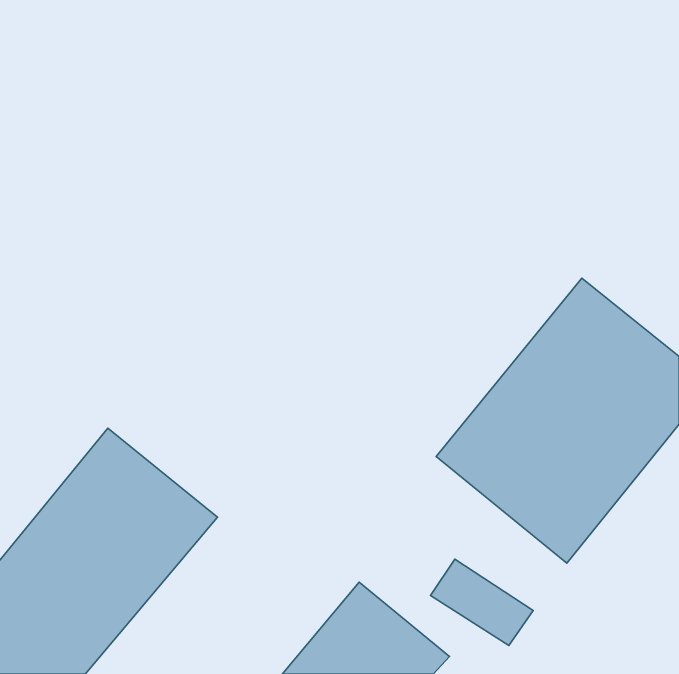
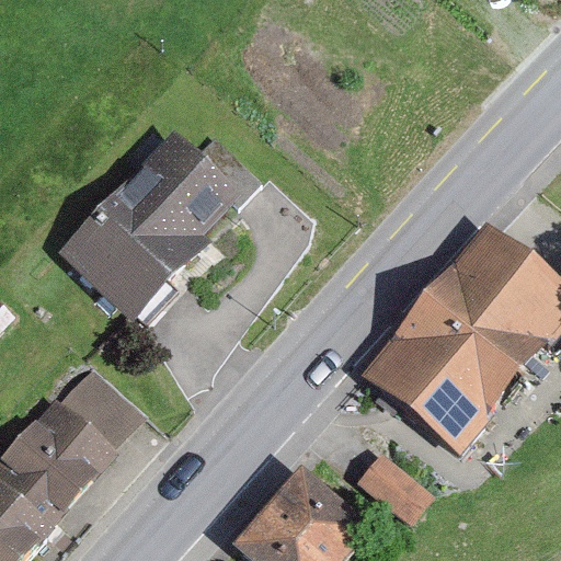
building: none -> [67,124,261,323]

